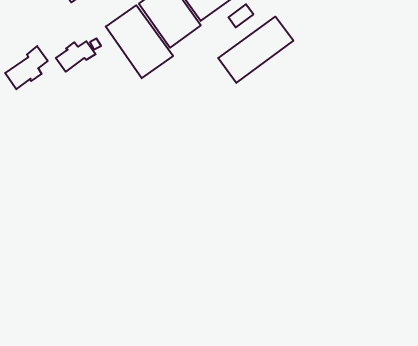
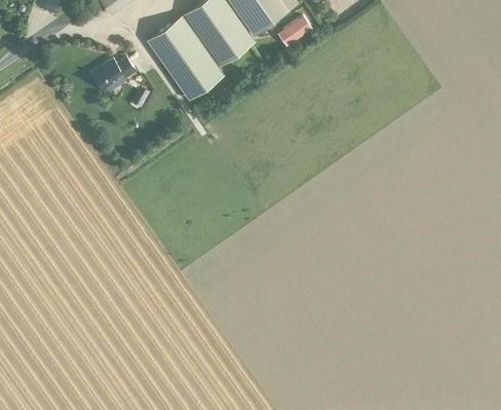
building: [218,17,293,83] -> none
building: [5,46,48,89] -> none

